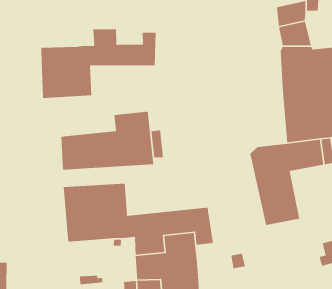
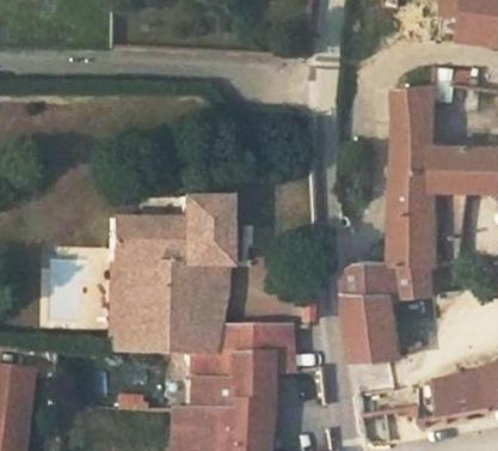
building: [40,28,156,99] -> none
building: none -> [109,263,226,328]

